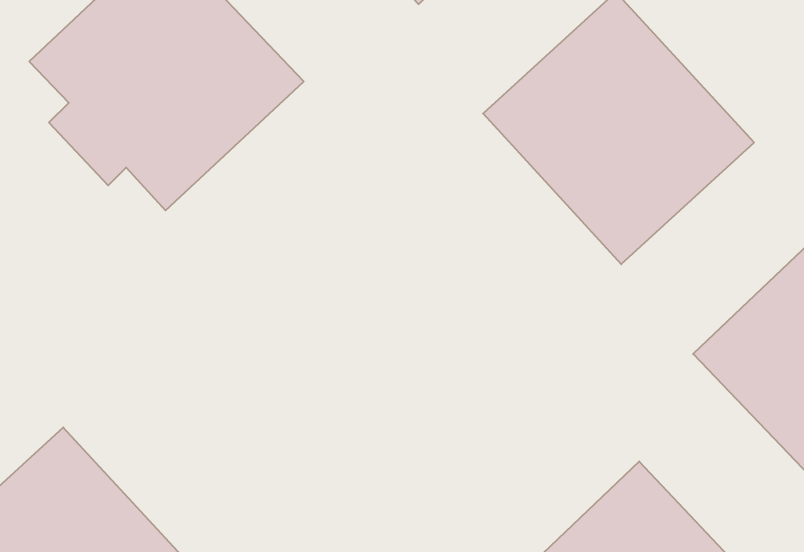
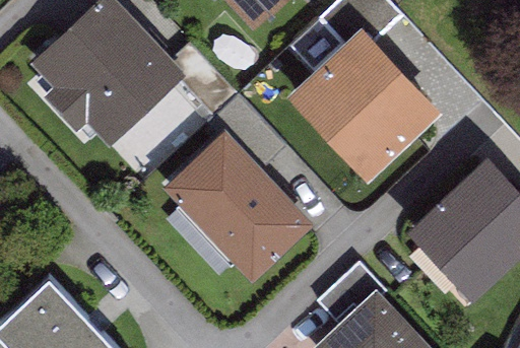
building: none -> [161,133,314,284]

